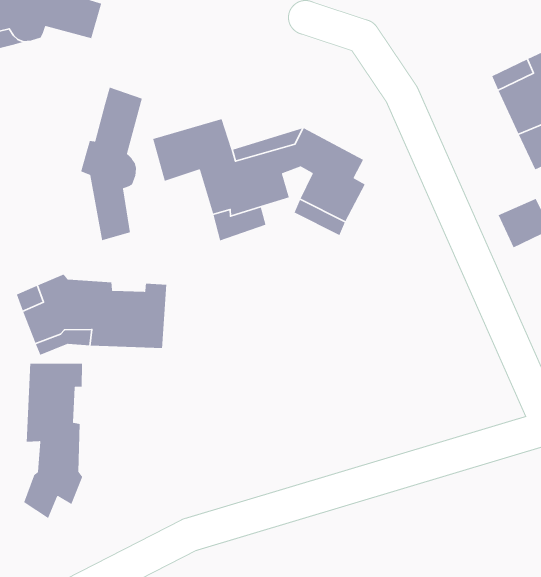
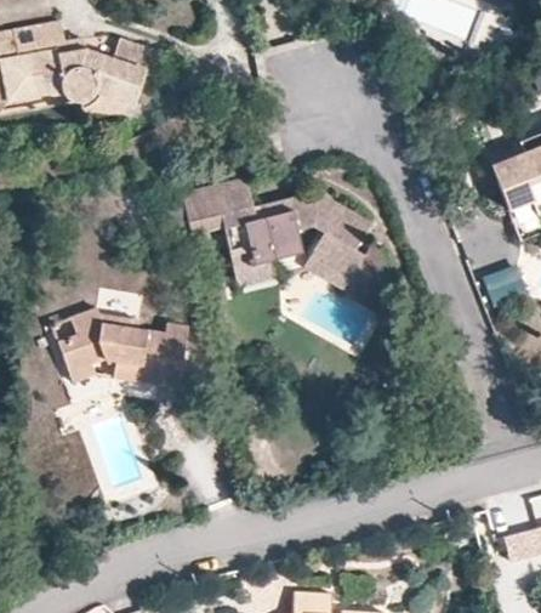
building: [80,86,143,241] -> none
building: [23,363,83,519] -> none

